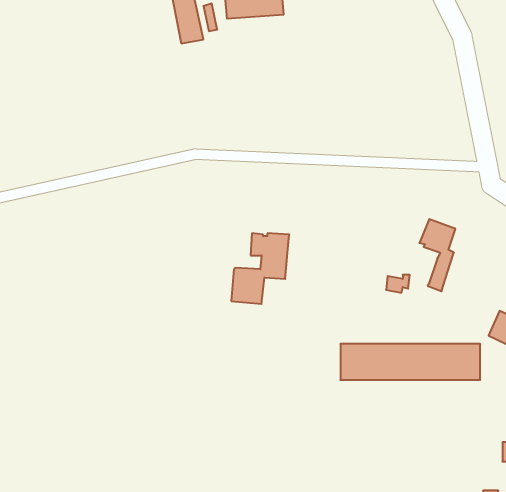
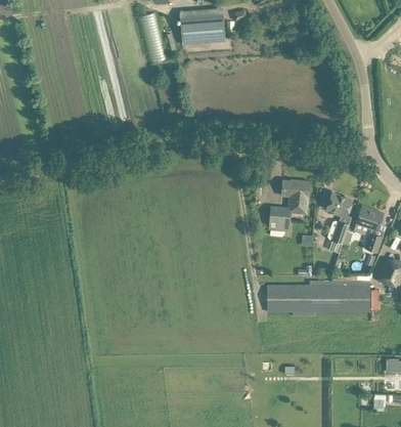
building: [231,233,289,304] -> [267,180,310,232]
building: none -> [353,205,384,253]

